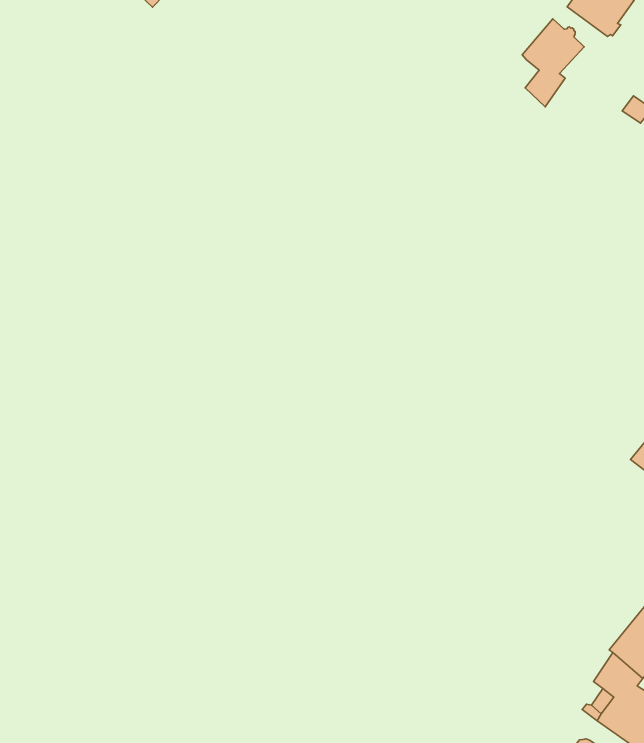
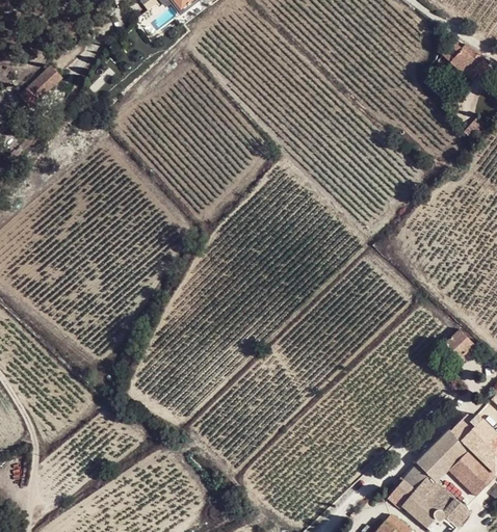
building: [522,19,584,107] -> none

